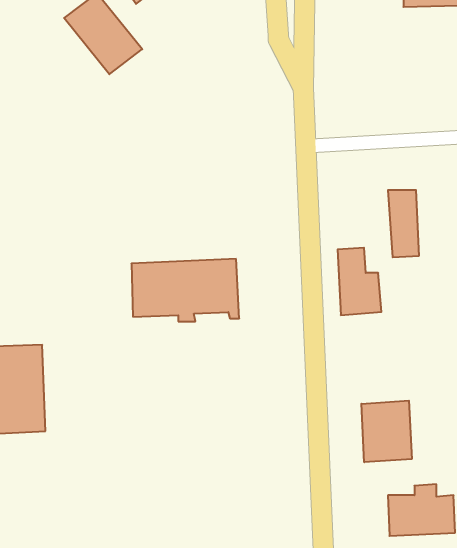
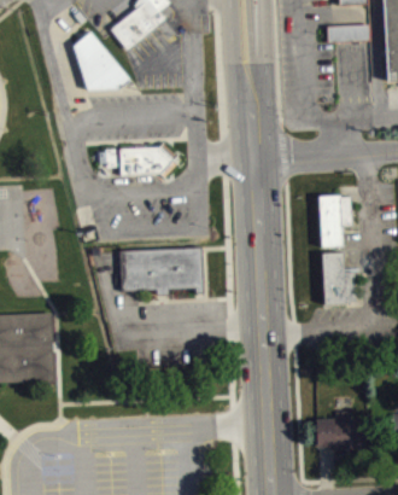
building: none -> [121,140,177,174]
building: [338,248,381,315] -> [323,249,357,301]
building: [361,401,412,462] -> none

